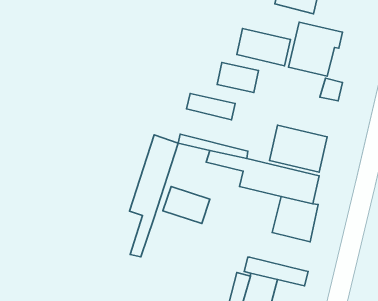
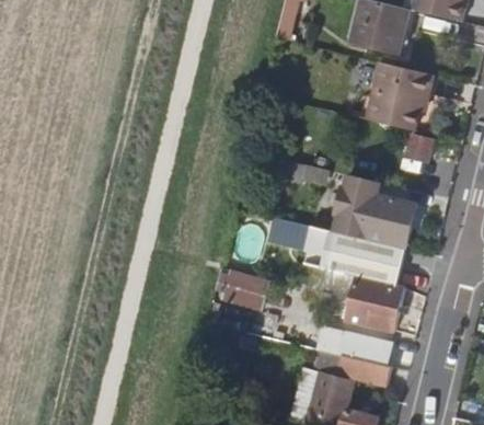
building: [237,28,290,66] -> none
building: [217,63,258,92] -> none
building: [129,135,178,257] -> none
building: none -> [320,329,391,366]

